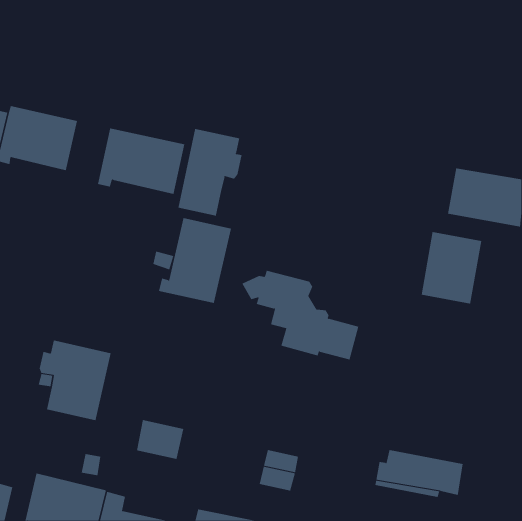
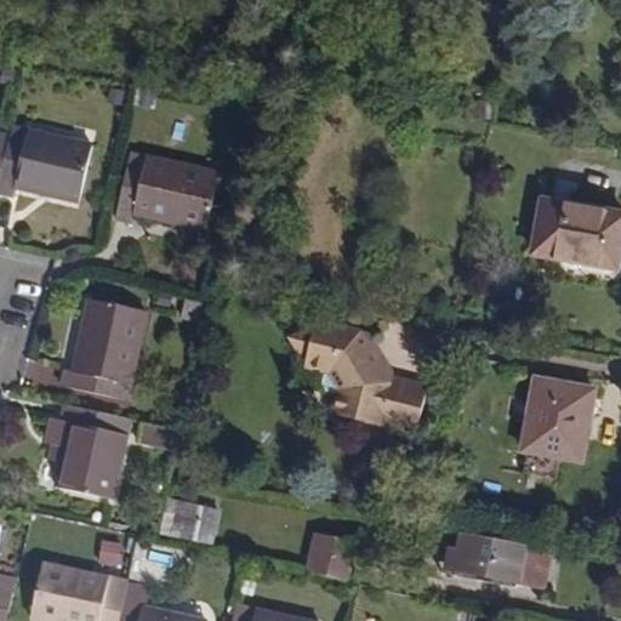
building: [178,128,242,216] -> none
building: [158,217,232,303] -> [59,297,147,399]
building: [421,232,482,304] -> [522,377,594,463]

